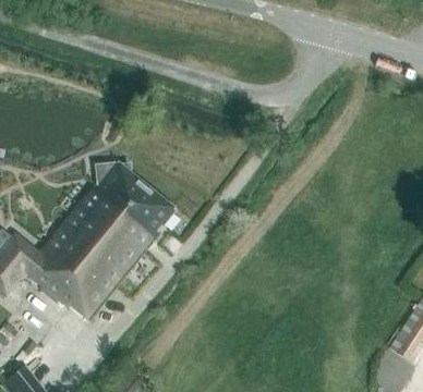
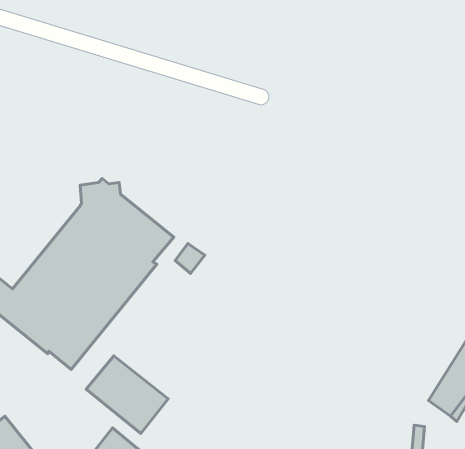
building: none -> [86,356,168,434]

